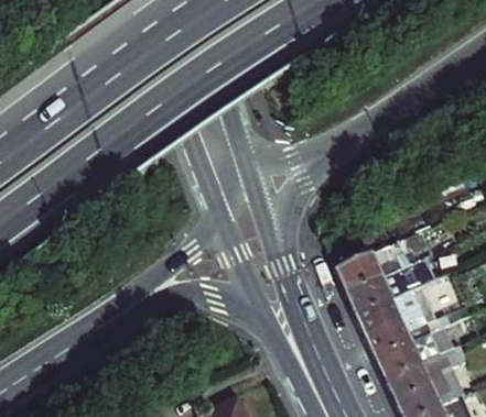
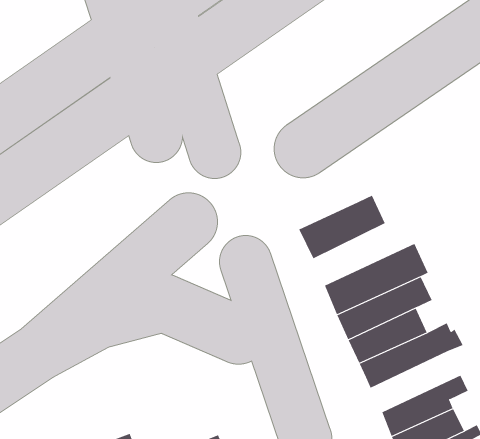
building: none -> [299,195,386,259]
building: [376,325,456,378] -> none

